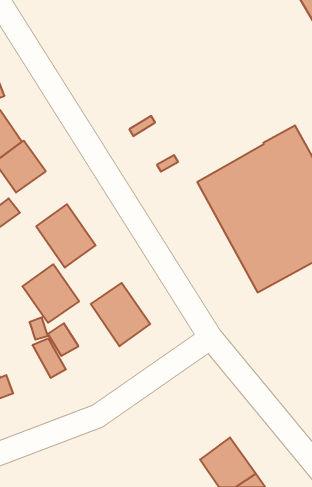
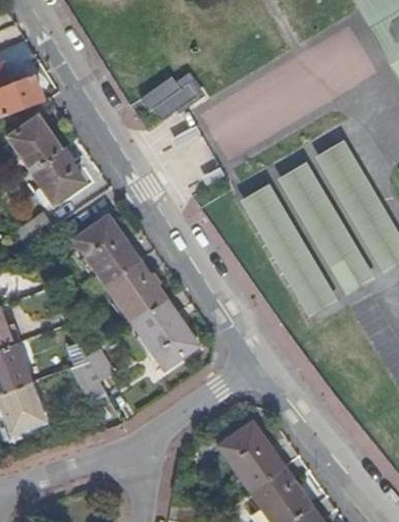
building: none -> [147,64,205,119]
building: [22,264,79,323] -> [106,262,166,324]
building: none -> [218,421,282,489]

